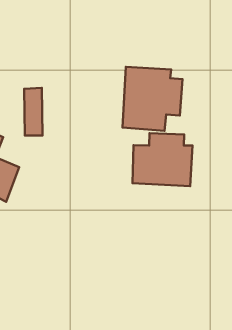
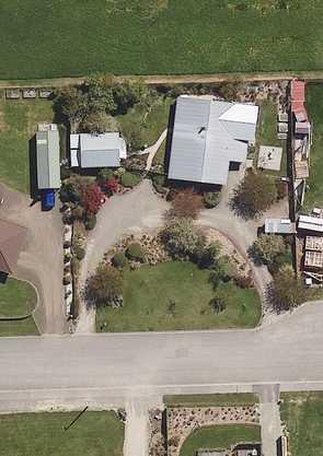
building: none -> [69,131,126,166]
building: [132,133,192,186] -> none

